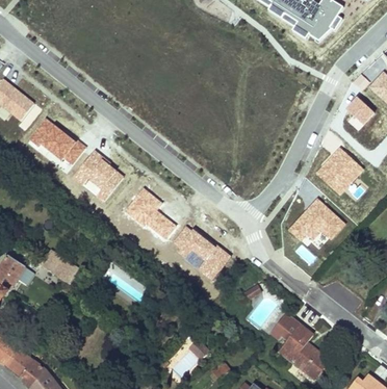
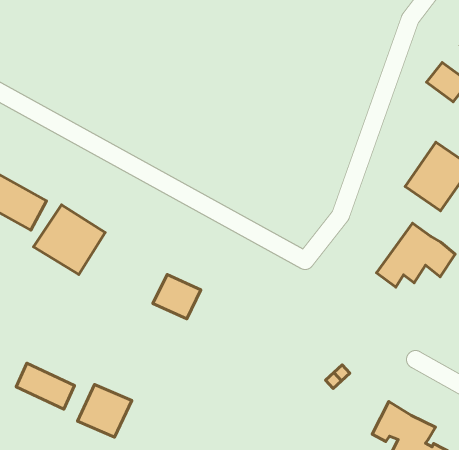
building: [122,187,156,225] -> none
building: [179,228,230,276] -> none
building: none -> [77,385,132,437]

